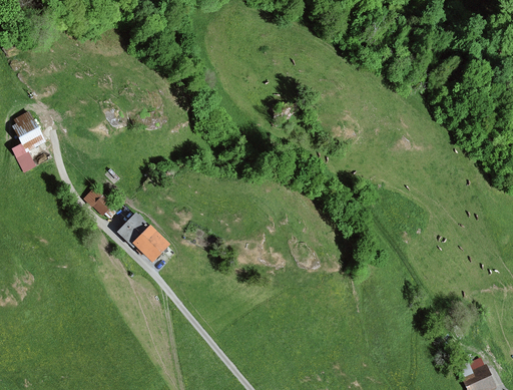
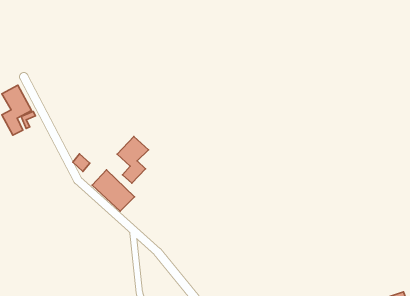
building: none -> [117,136,148,183]

